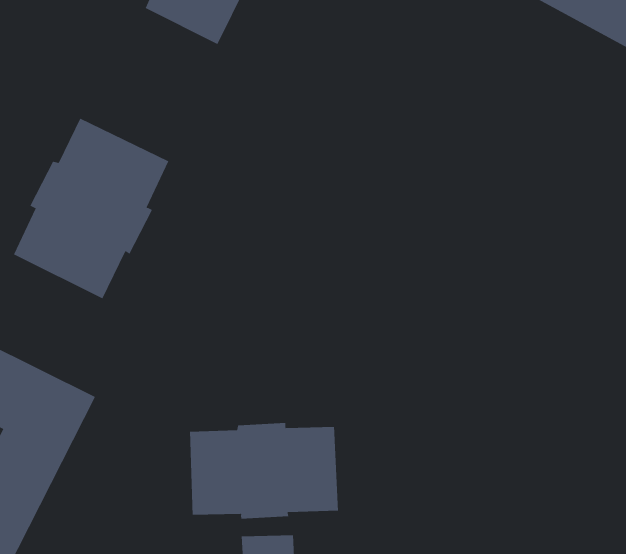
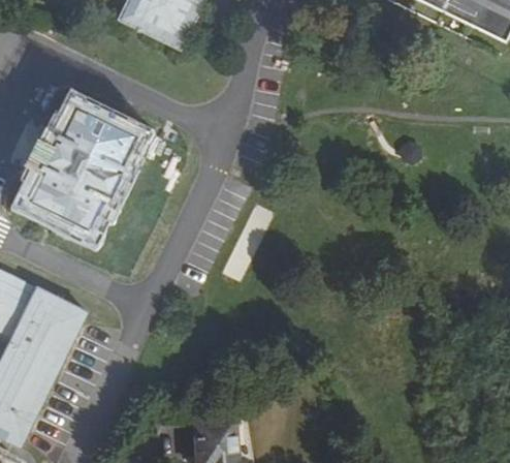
building: [189,422,338,520] -> none

